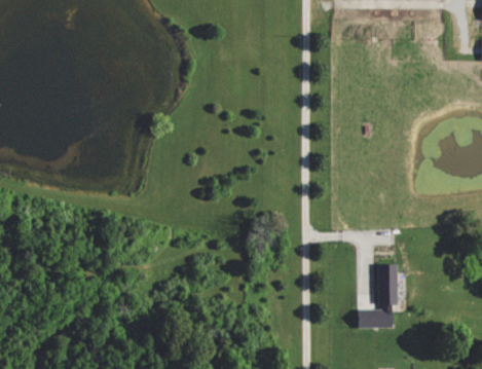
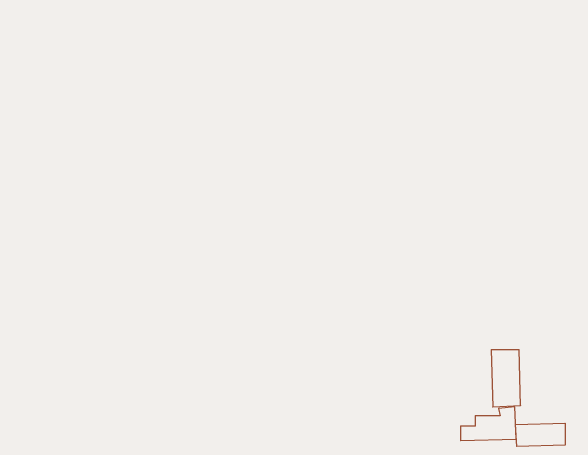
building: none -> [516,423,565,446]

